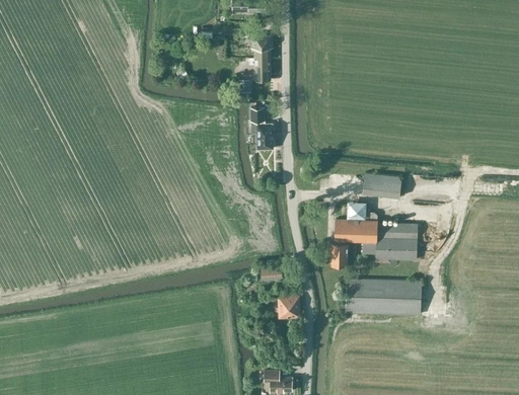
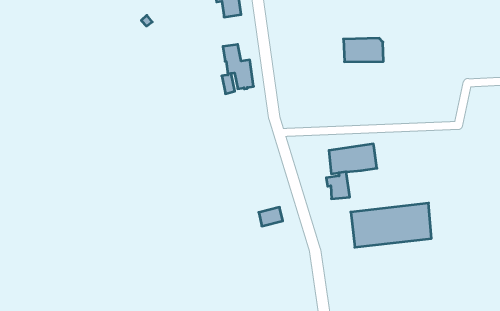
building: [362,171,400,198] -> [343,38,383,62]
building: [361,222,417,260] -> none
building: [274,296,299,316] -> none

